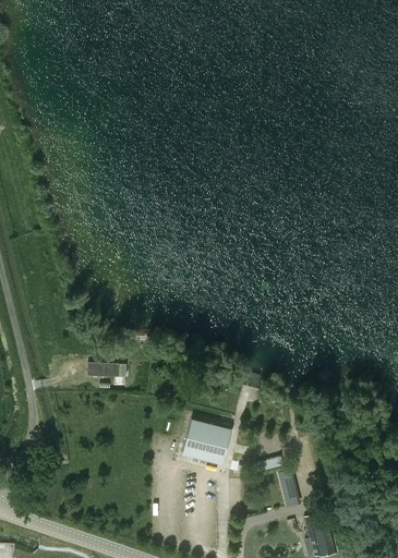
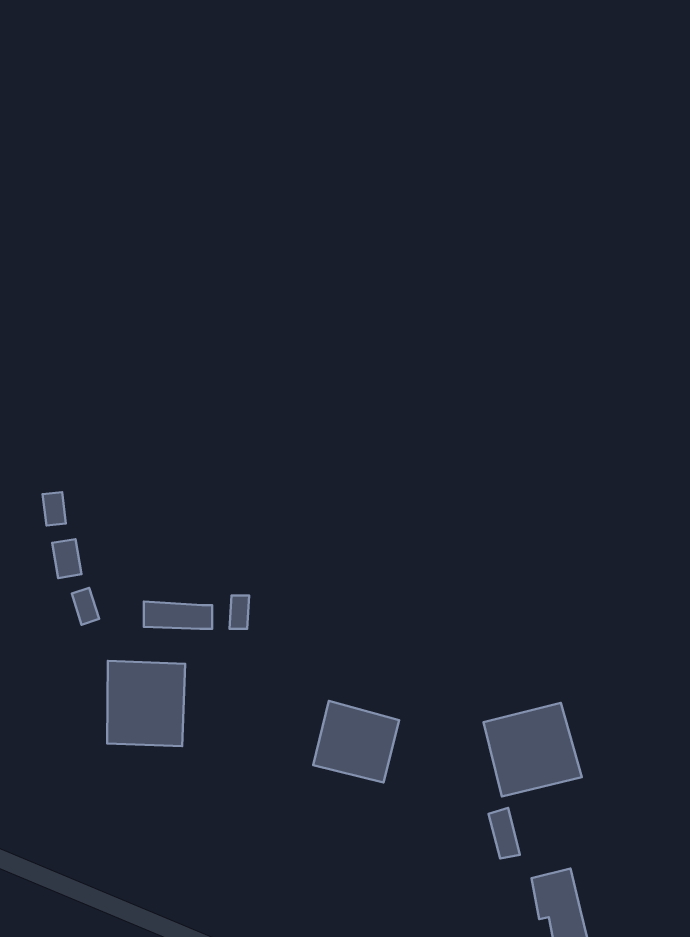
building: none -> [107,661,185,746]
building: none -> [483,703,582,797]

